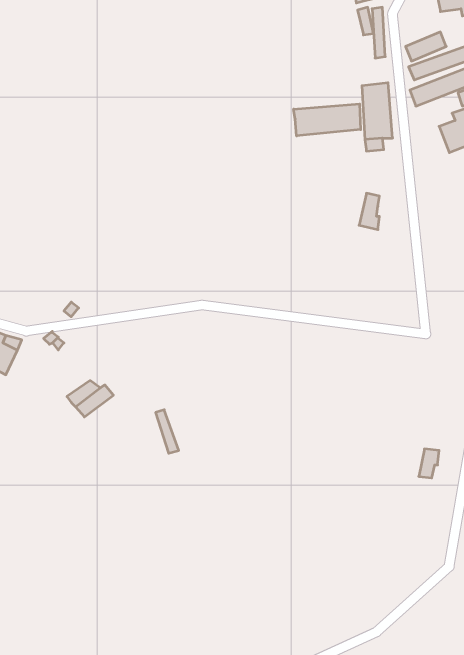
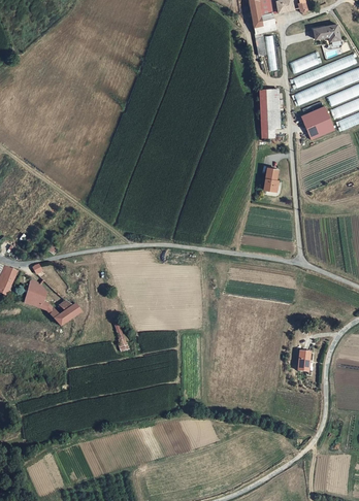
building: [294,104,361,136] -> none
building: none -> [26,279,50,309]

